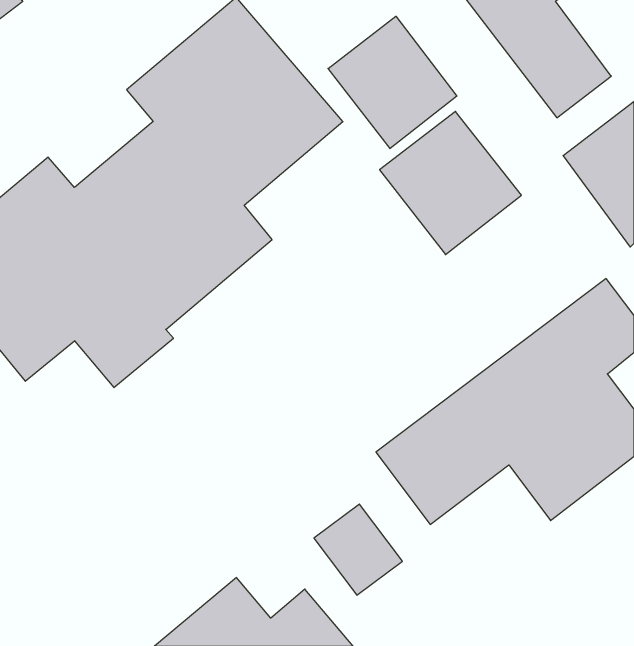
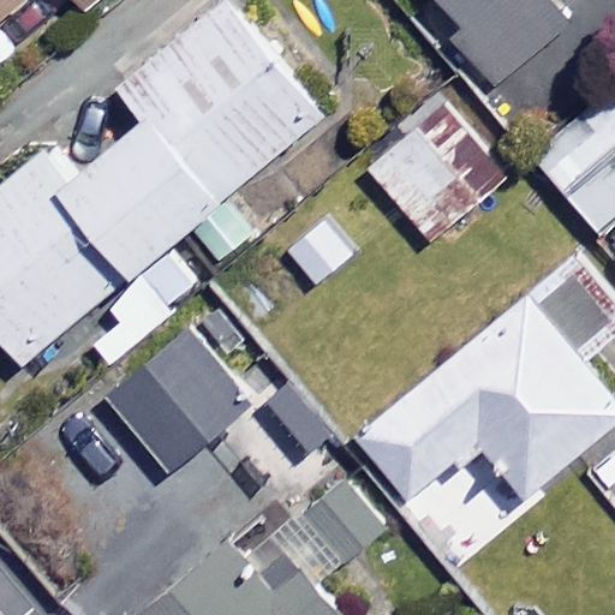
building: [328,16,457,149] -> none
building: none -> [102,328,251,476]

